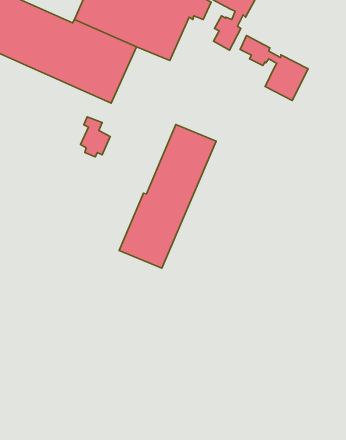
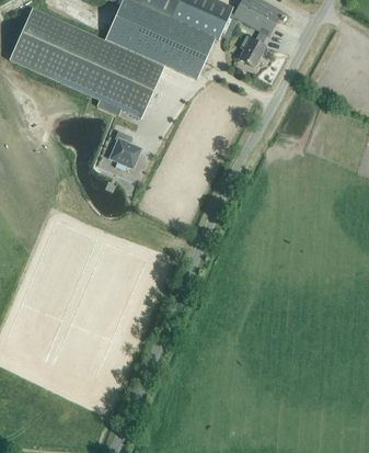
building: [240,36,308,100] -> none
building: [119,125,216,268] -> none

